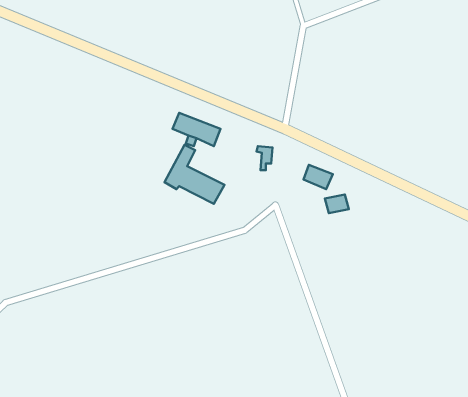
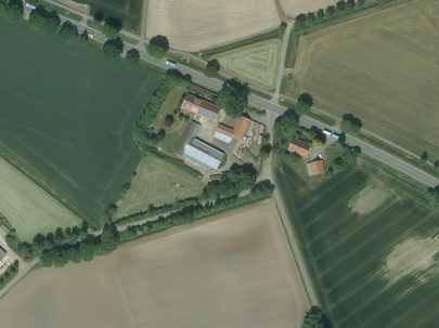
building: none -> [214,115,250,143]

